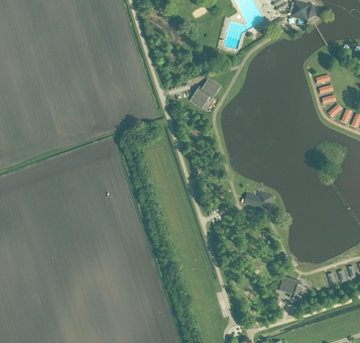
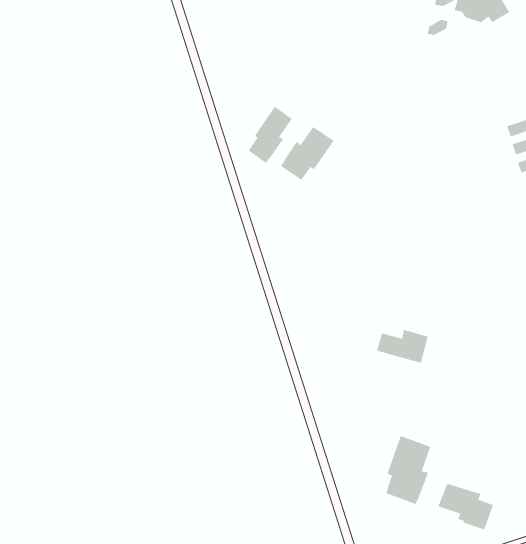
building: none -> [248,106,293,164]
building: none -> [385,435,431,505]

